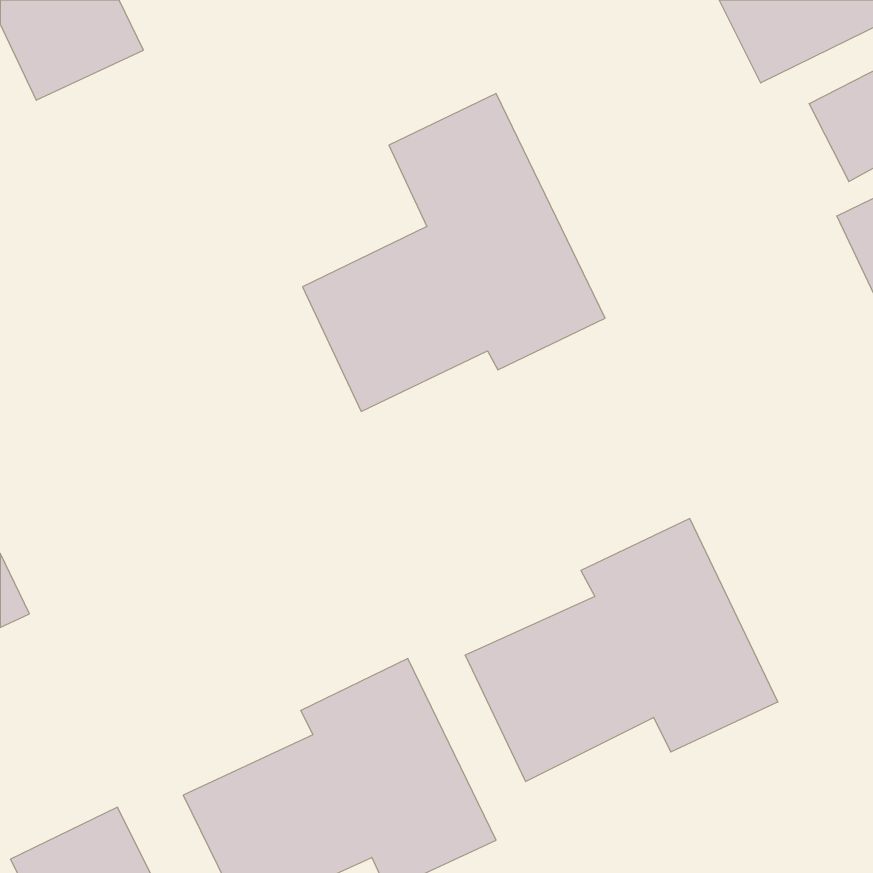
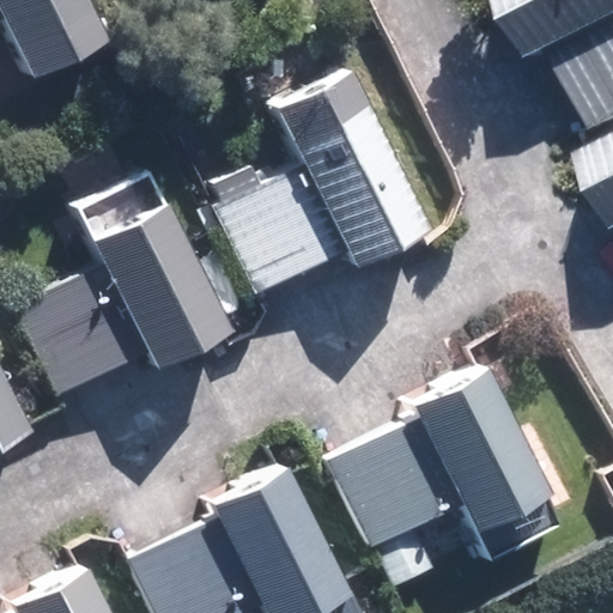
building: none -> [20,172,230,392]

